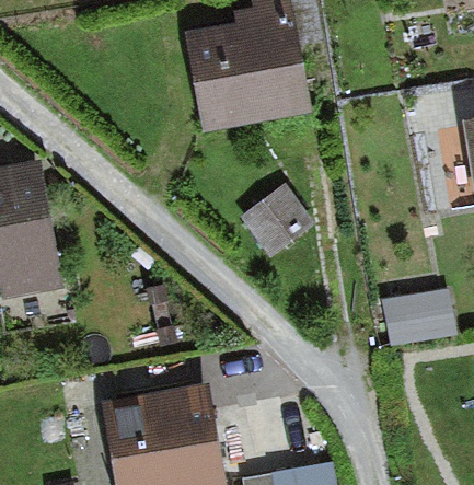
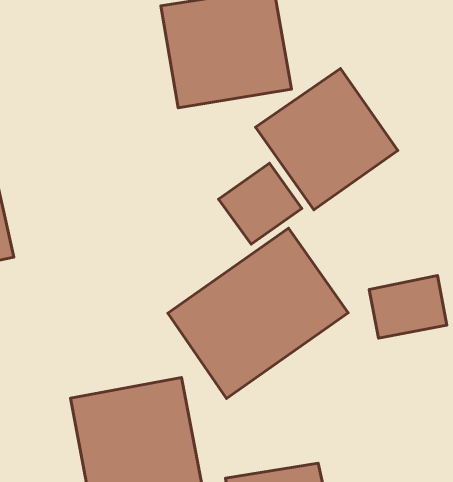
building: none -> [255,69,398,210]
building: none -> [168,228,348,399]

